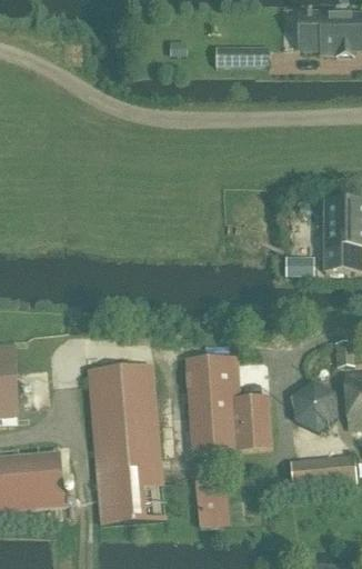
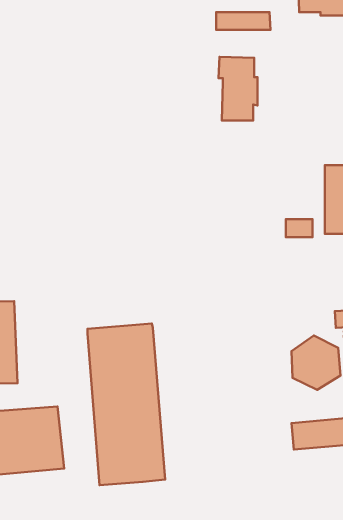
building: none -> [218,57,257,121]
building: [184,356,272,453] -> none
building: [194,479,221,528] -> none

